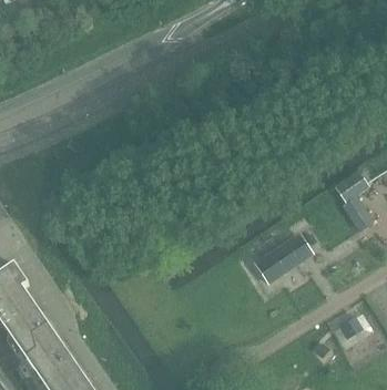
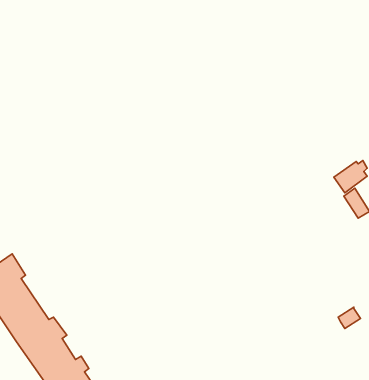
building: [256,239,305,281] -> none

